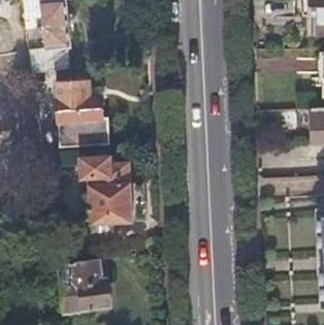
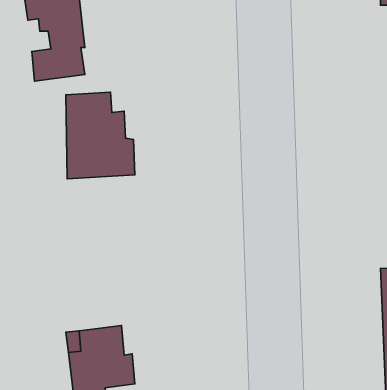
building: [78,157,144,225] -> none

